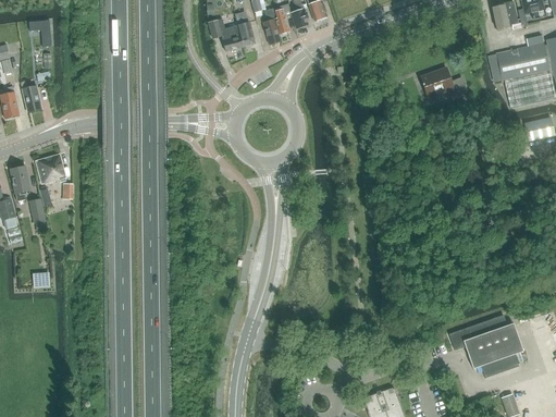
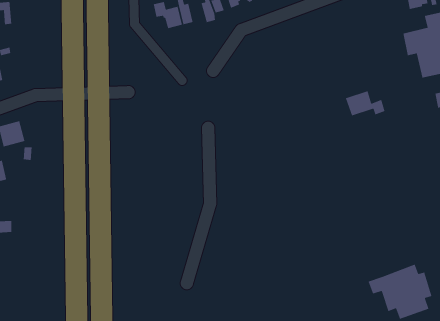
building: [420,68,466,97] -> [345,90,386,116]

